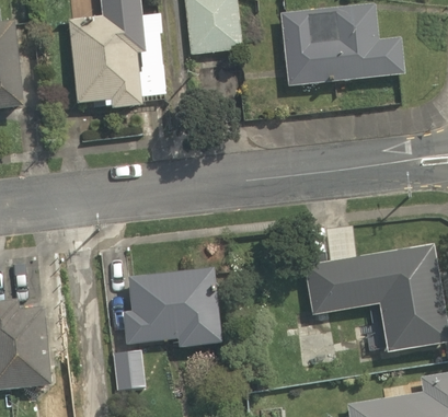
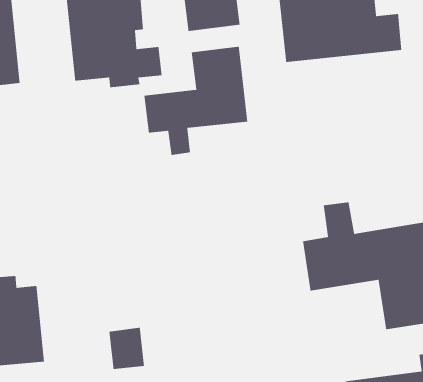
building: none -> [143,46,248,156]
building: [122,266,221,347] -> none

